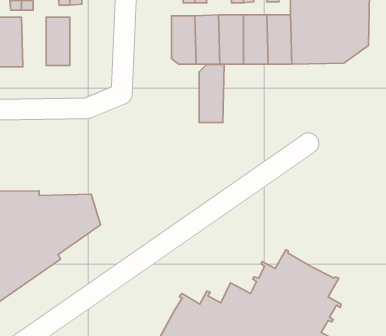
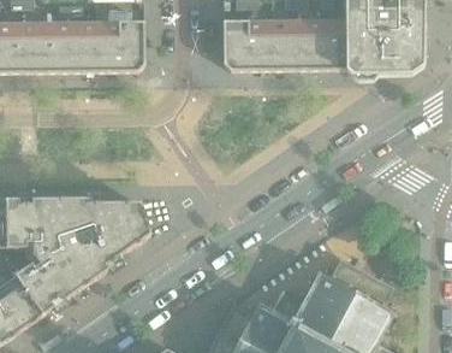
building: none -> [118,19,143,70]
building: none -> [69,20,94,71]
building: [199,65,224,123] -> none

